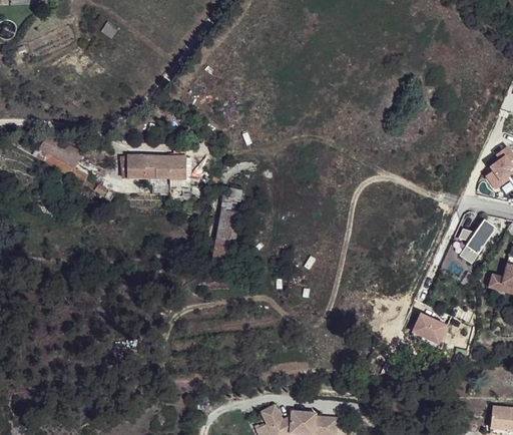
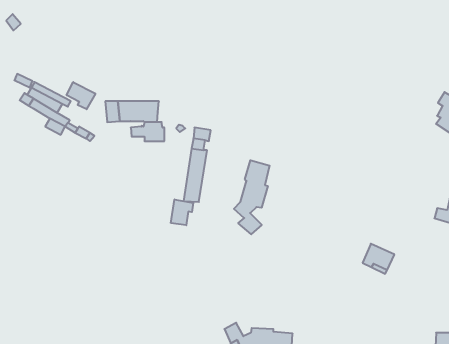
building: none -> [67,82,95,109]
building: [456,219,495,264] -> none
building: none -> [234,160,270,234]
building: none -> [171,199,193,225]

